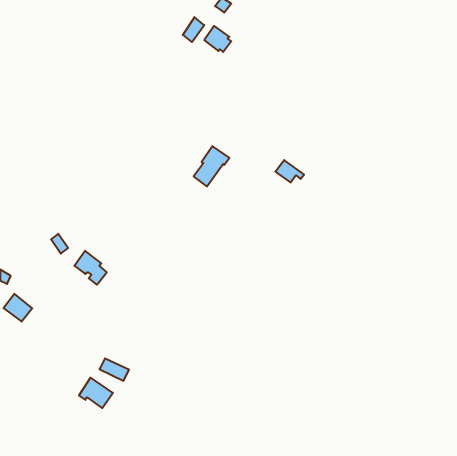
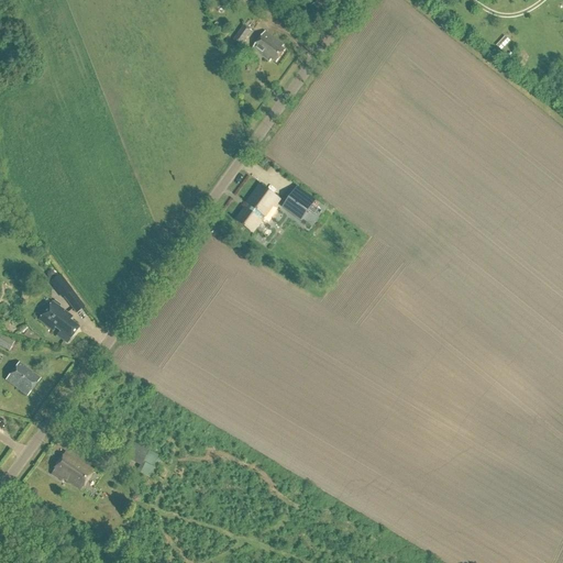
building: [275,160,304,182] -> [285,190,320,218]
building: [74,251,107,285] -> [38,300,78,342]
building: [79,378,113,408] -> [52,450,93,487]

